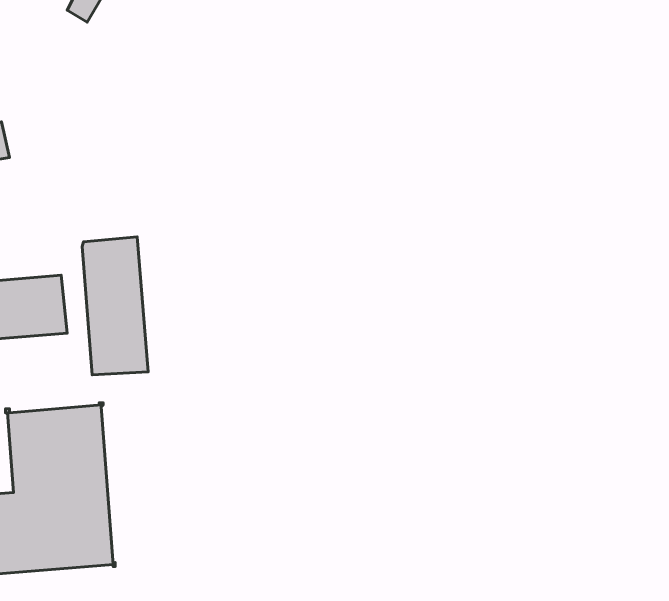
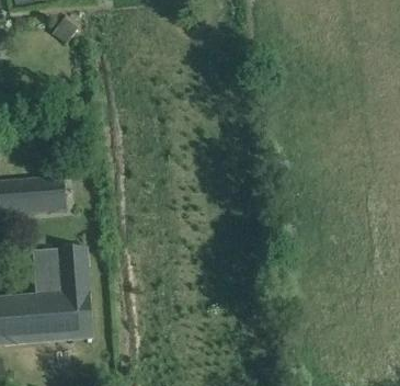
building: [82,237,148,375] -> none

